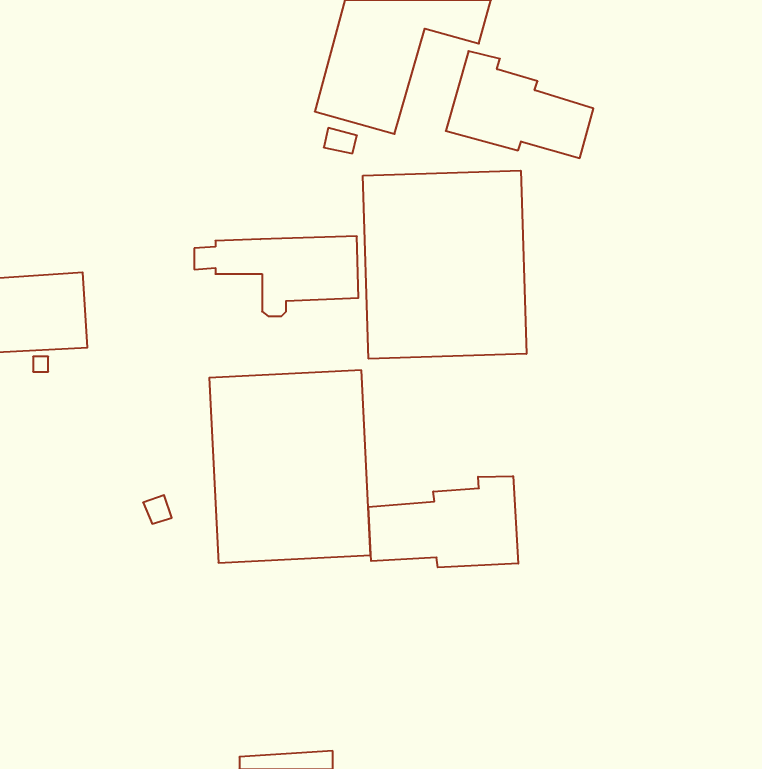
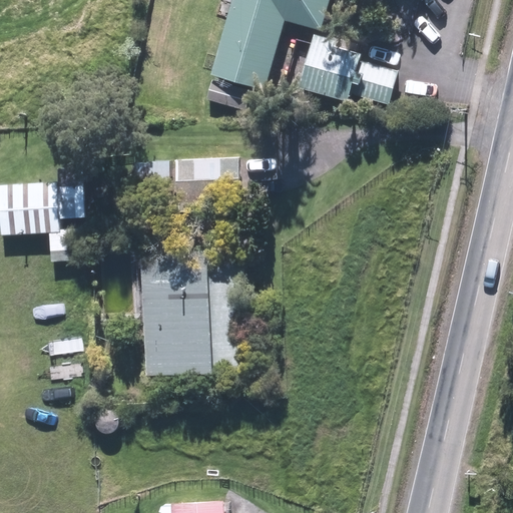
building: [363,171,526,359] -> none
building: [368,476,518,567] -> none

